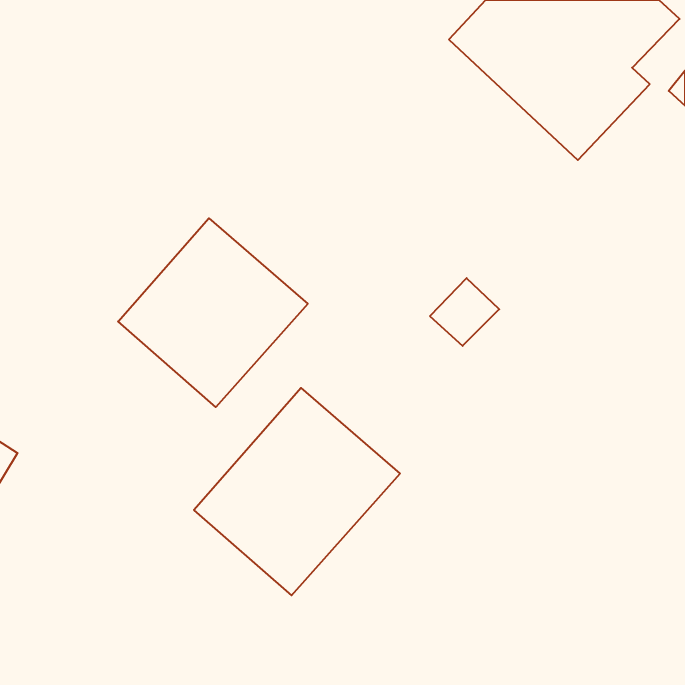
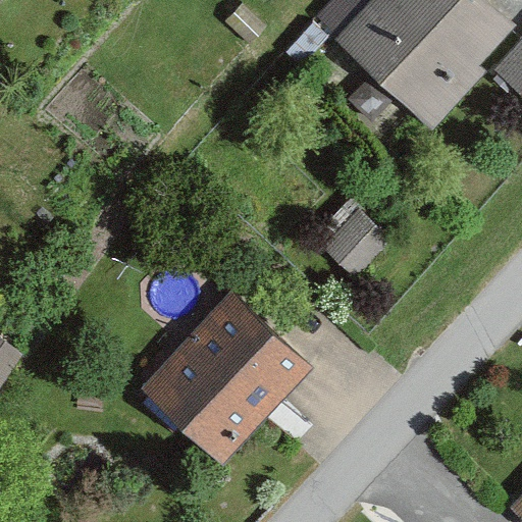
building: [118,218,308,407] -> none

